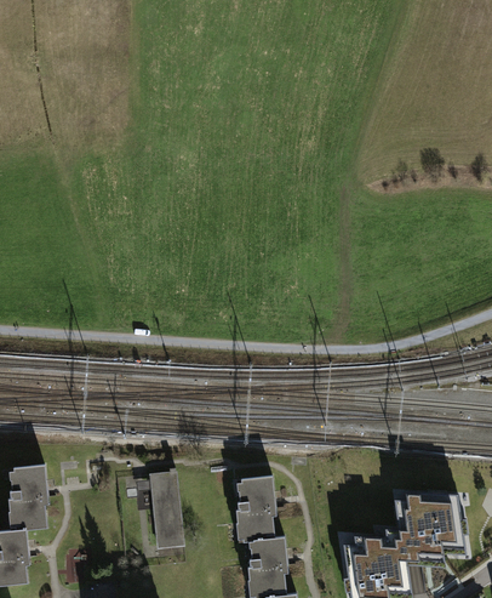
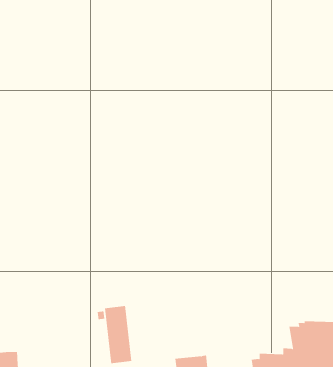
building: [11,463,52,531] -> none
building: [229,475,276,542] -> none

